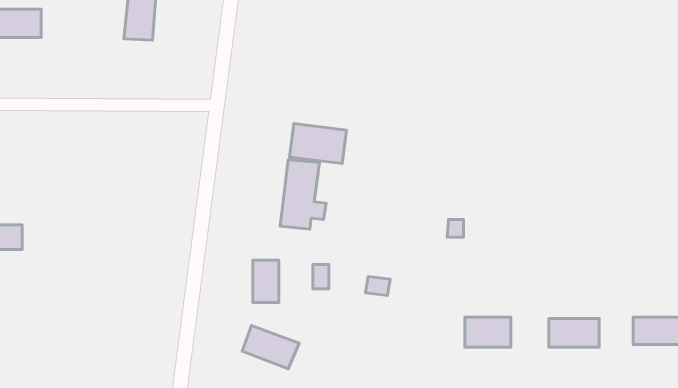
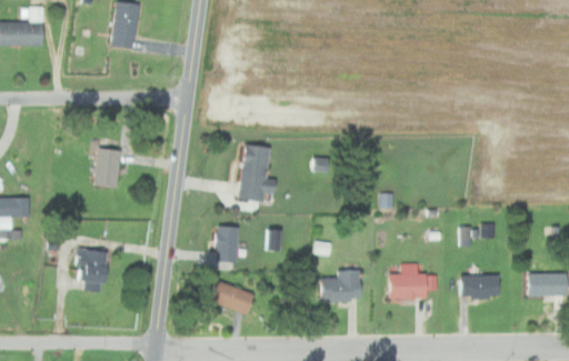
building: [290,124,346,164] -> none
building: none -> [93,148,120,188]
building: none -> [74,250,107,291]
building: none -> [322,270,360,301]

